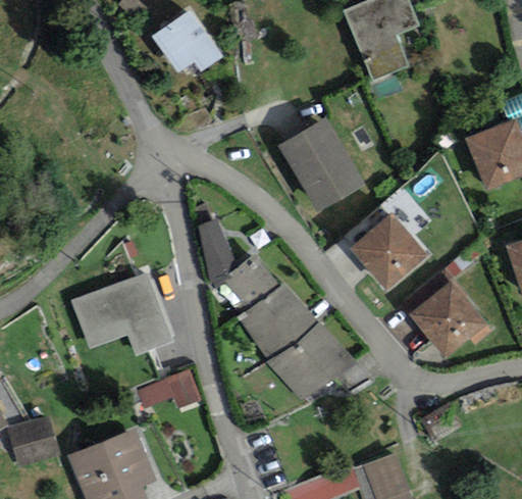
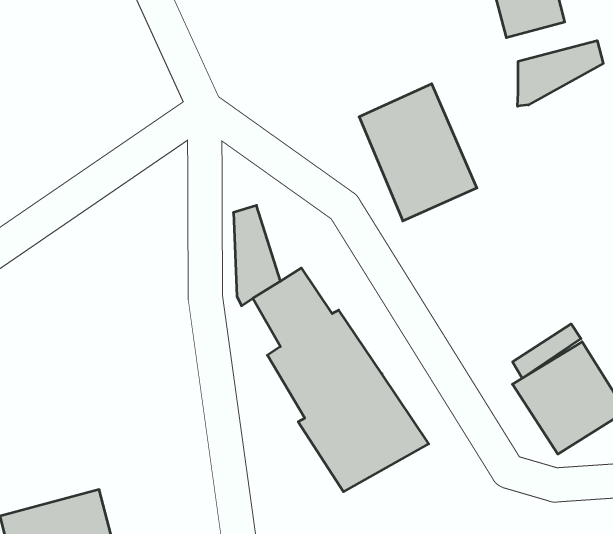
building: none -> [518,41,603,106]
building: [349,213,430,293] -> none
building: [69,269,174,353] -> none
building: [141,367,206,410] -> none

